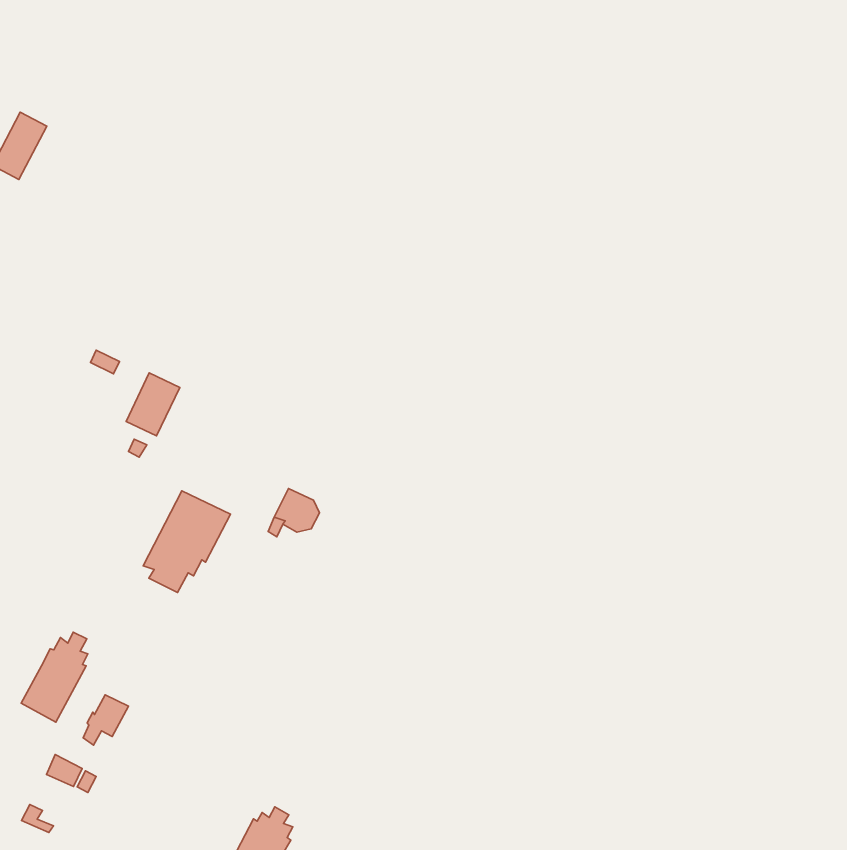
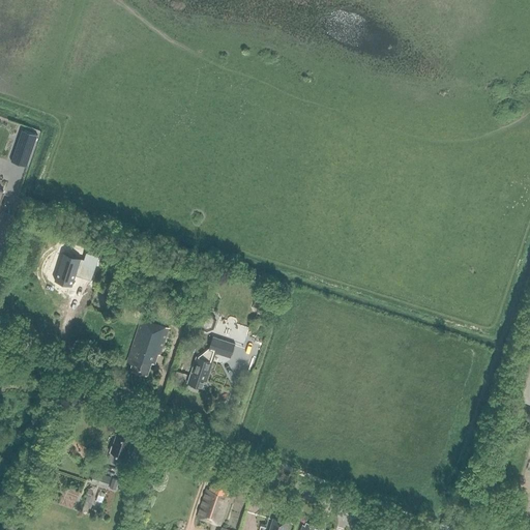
building: [126,373,180,436] -> [51,254,77,287]
building: none -> [186,338,234,389]
building: [21,632,88,722] -> none

